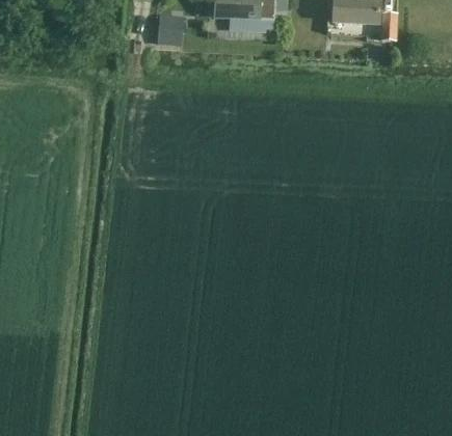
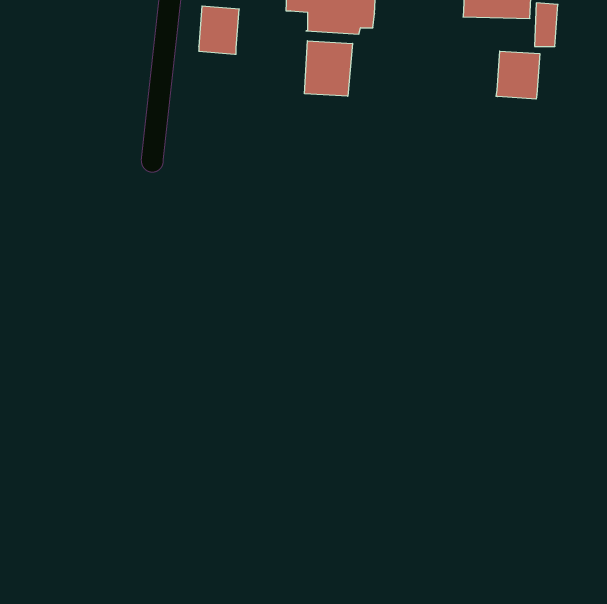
building: none -> [305,41,353,96]
building: none -> [496,51,540,99]

